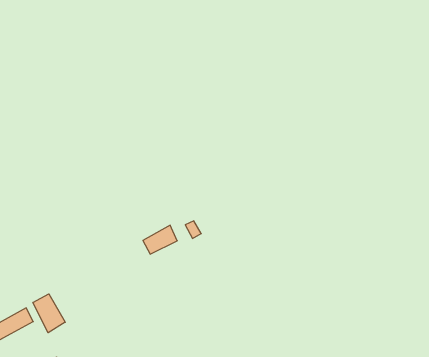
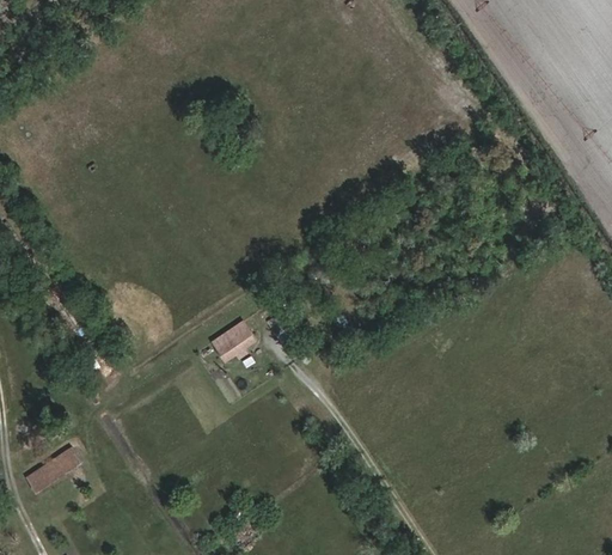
building: [33,294,65,333] -> none

